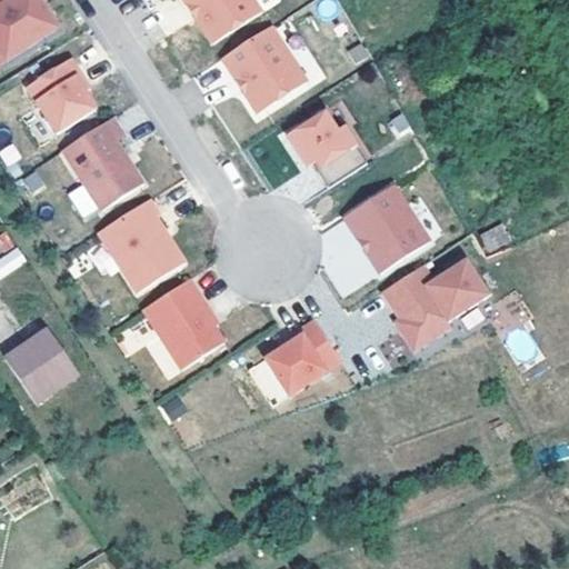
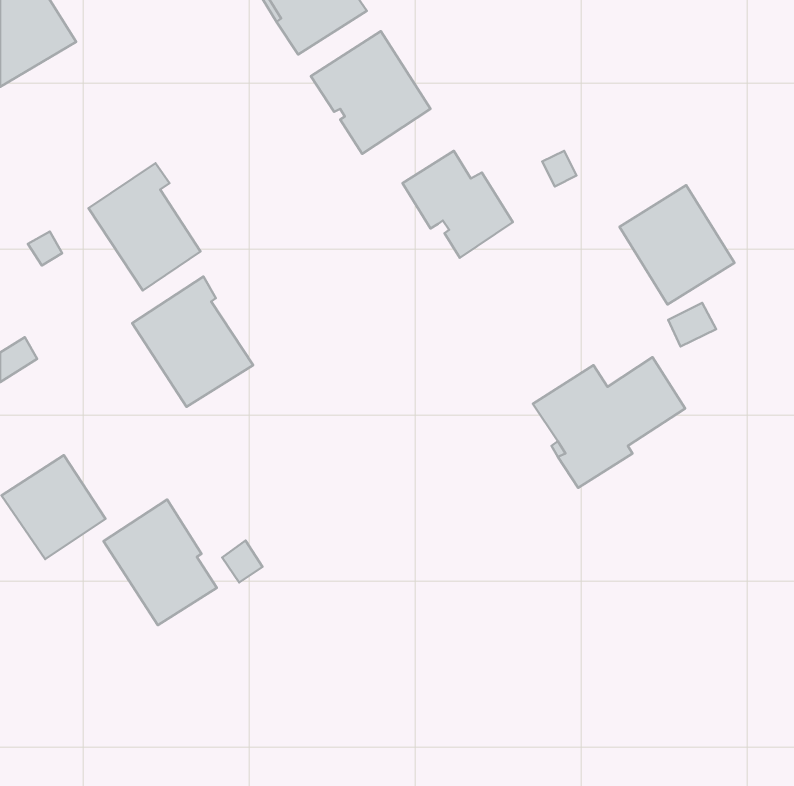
building: [26,58,96,134] -> none
building: [345,187,427,272] -> [619,185,734,305]
building: [140,278,221,368] -> [104,499,217,625]
building: [252,319,341,406] -> none

